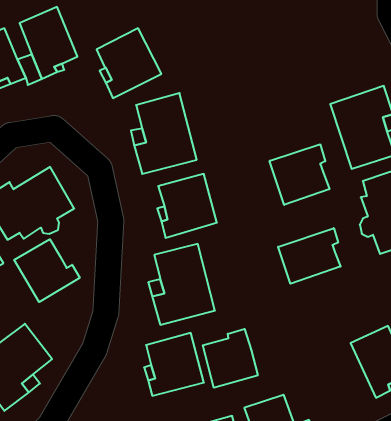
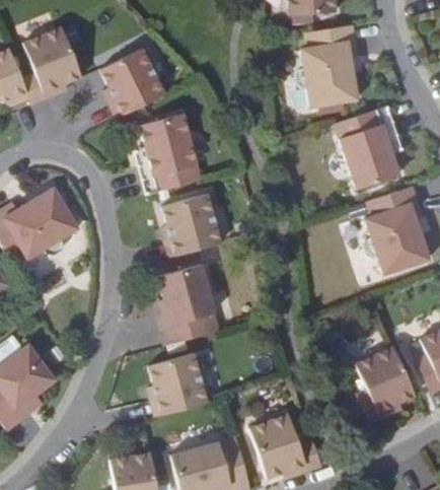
building: none -> [295,24,358,107]
building: [270,144,329,205] -> none
building: [278,228,341,284] -> none
building: [14,239,80,302] -> none
building: [203,329,258,388] -> none

